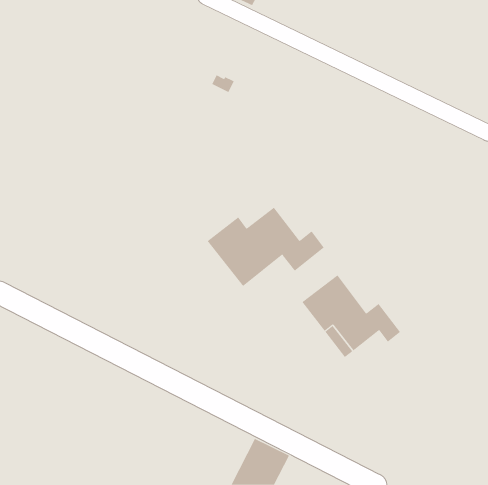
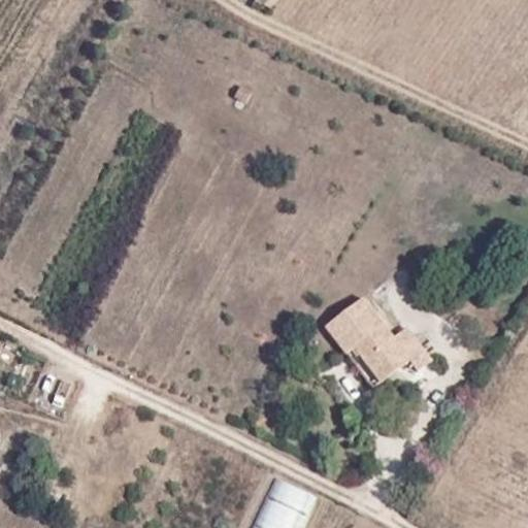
building: [207,207,325,287] -> none

